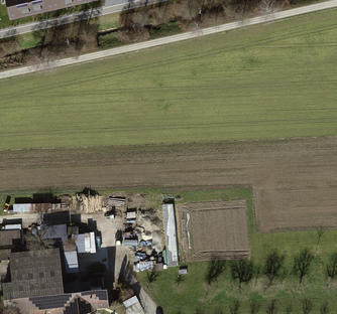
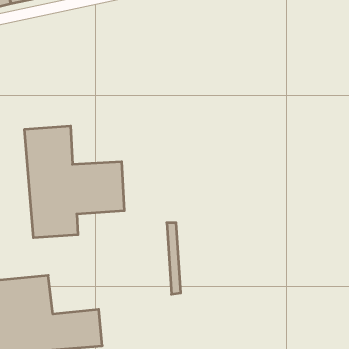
building: none -> [25,126,124,238]

